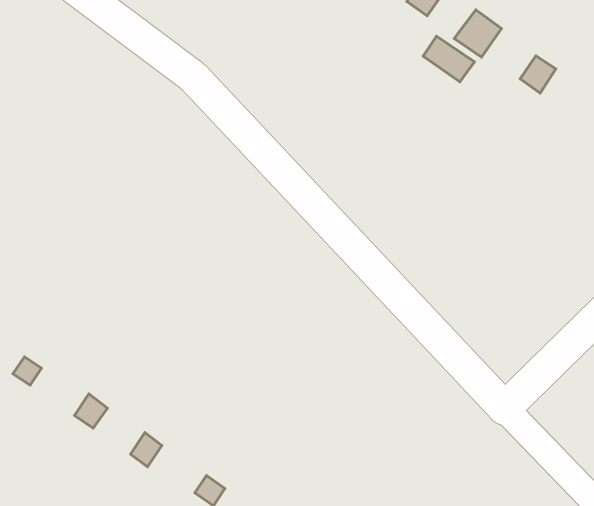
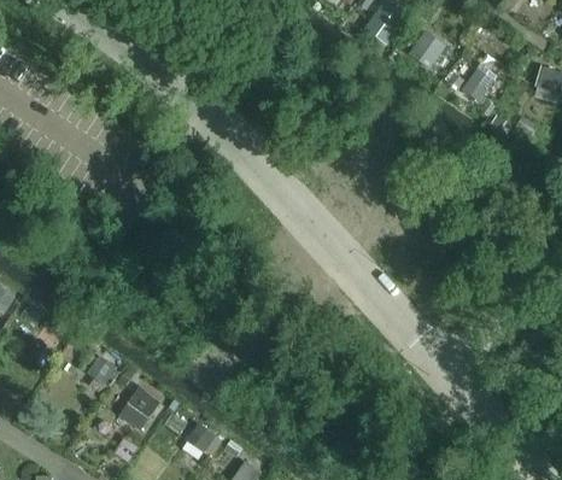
building: [423,36,475,82] -> none

